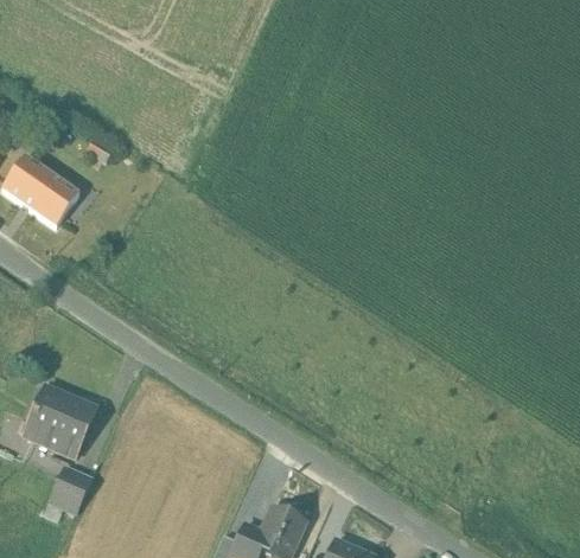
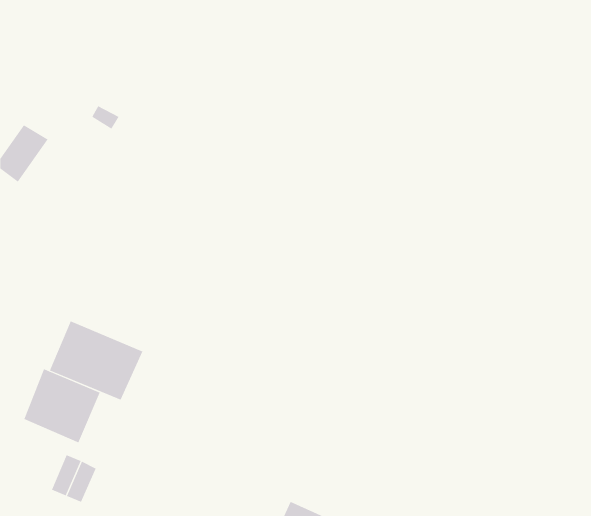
building: [19,169,78,231] -> none
building: none -> [49,320,143,401]

